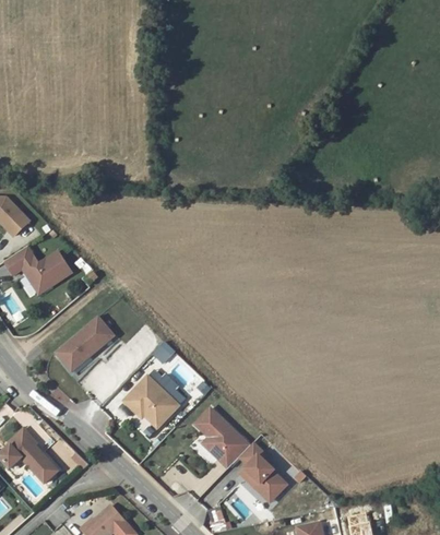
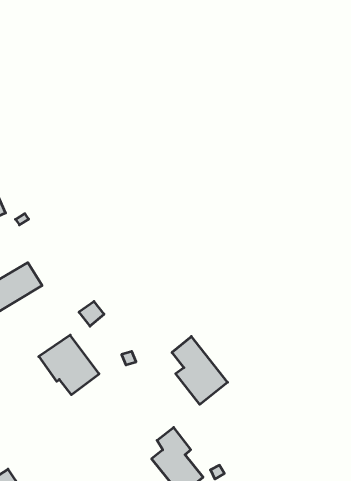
building: [194,406,249,466] -> [172,336,228,404]

